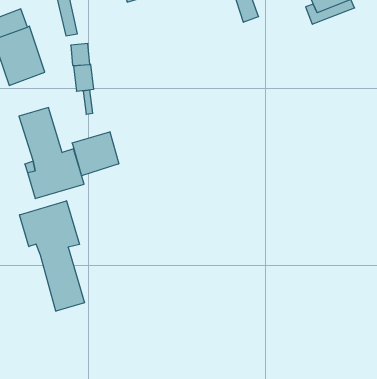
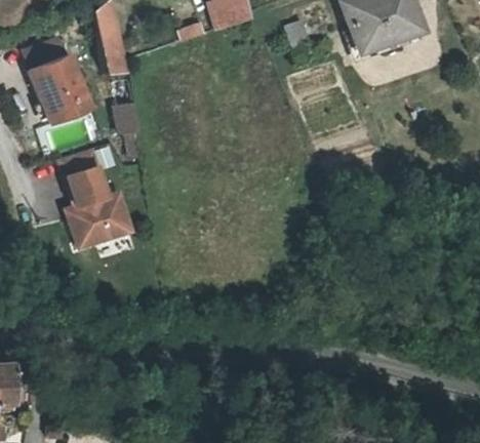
building: [72,132,119,176] -> none
building: [20,201,84,311] -> none

